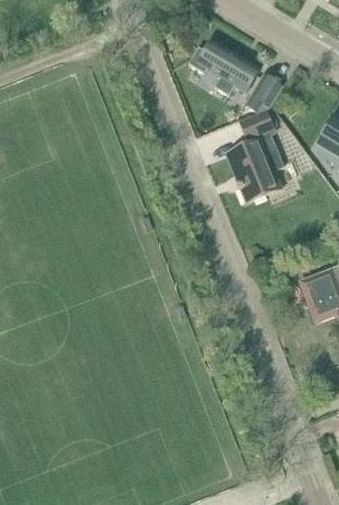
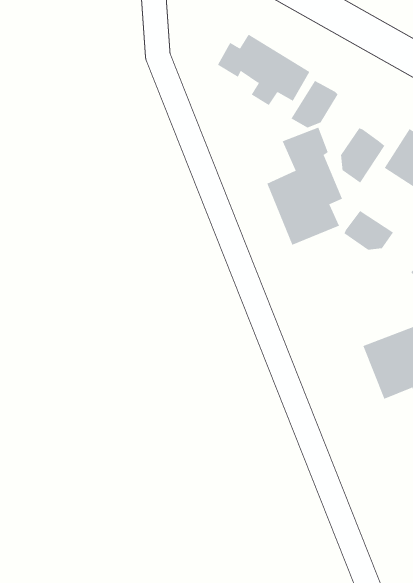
building: none -> [340,127,385,183]
building: none -> [344,210,394,250]

